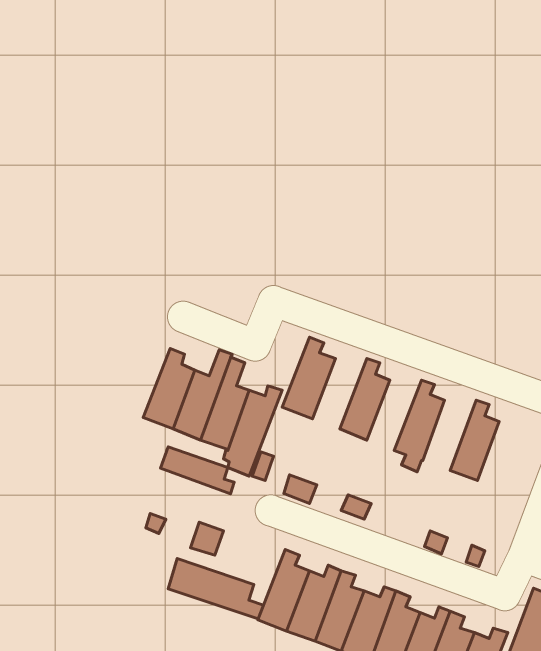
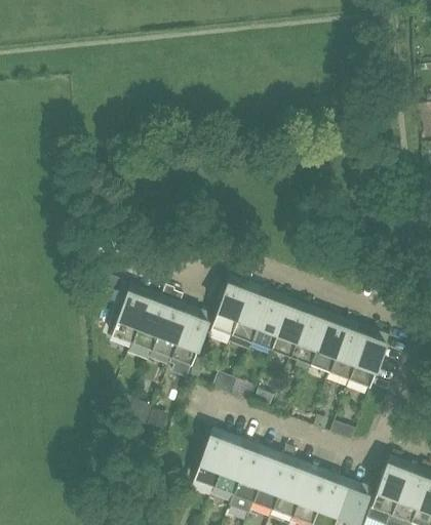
building: none -> [233,288,272,342]
building: none -> [272,304,311,358]
building: none -> [312,318,350,372]
building: none -> [351,333,390,388]
building: [161,447,234,494] -> none
building: [168,558,264,619] -> none

